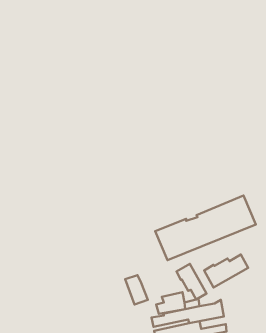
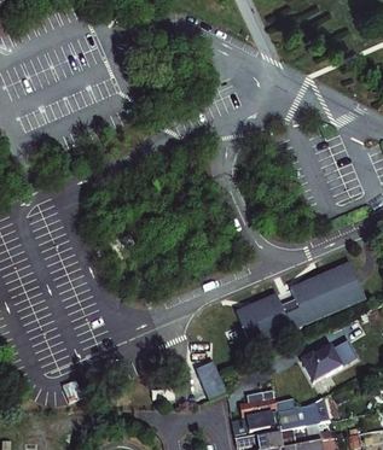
building: [177,264,206,299] -> none

